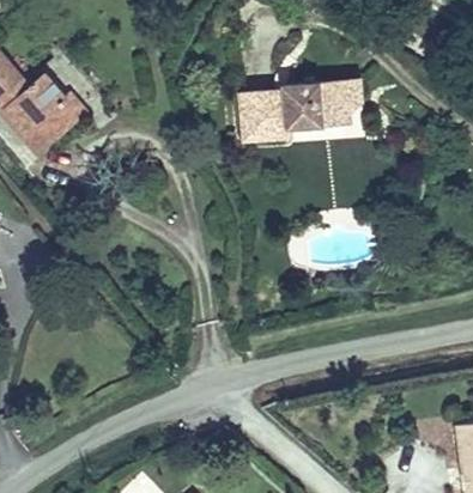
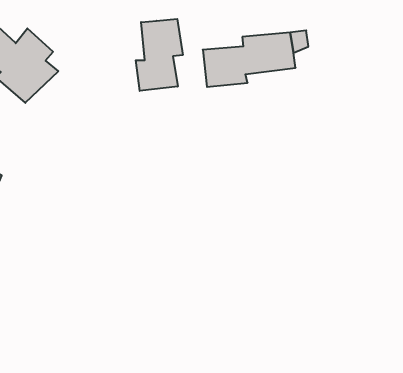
building: none -> [136,19,183,91]

